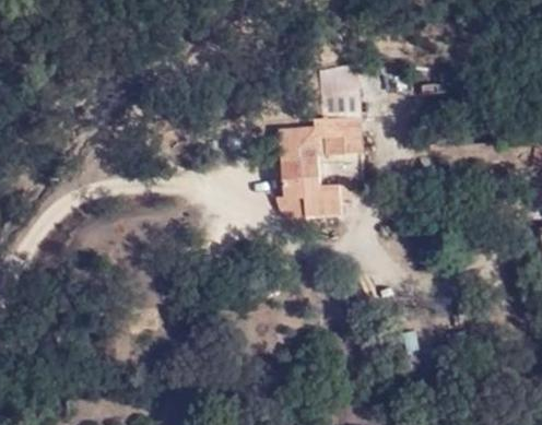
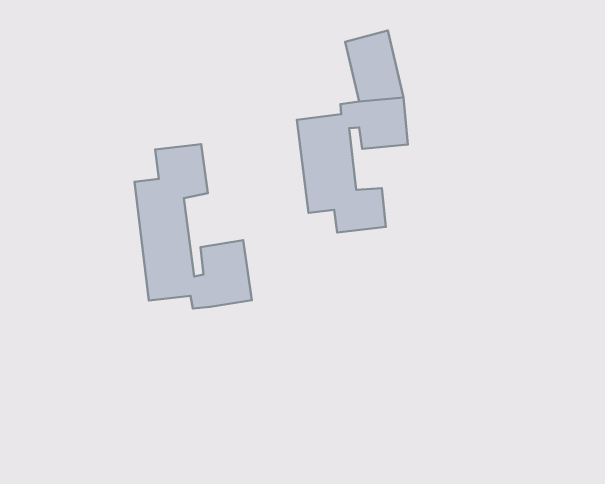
building: none -> [135,144,252,308]

